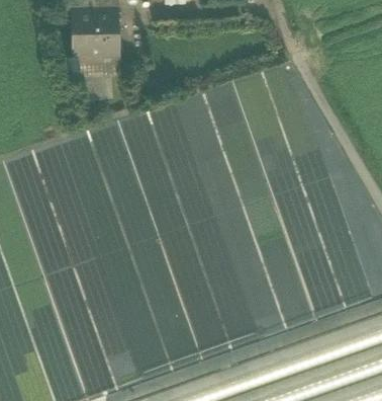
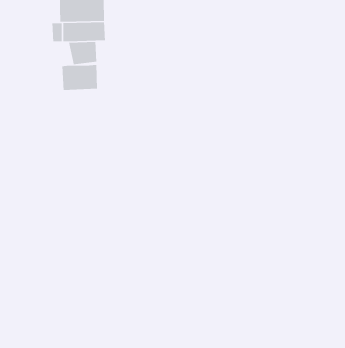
building: none -> [61,64,98,91]

